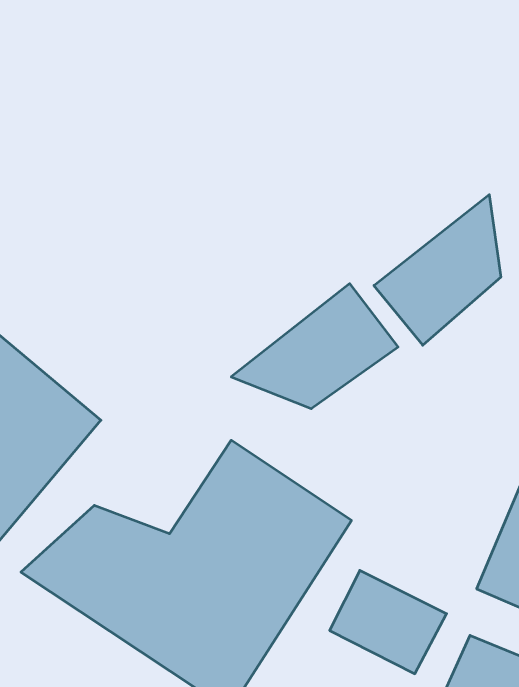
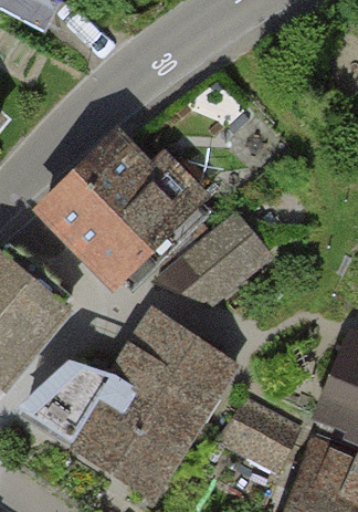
building: none -> [46,142,191,281]
building: [374,195,501,345] -> none

